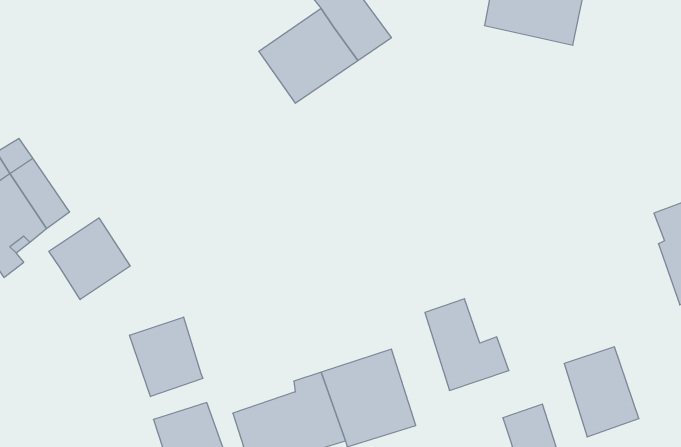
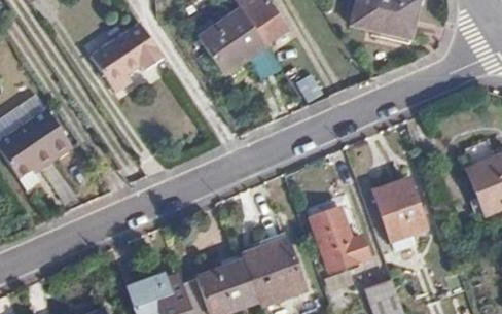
building: none -> [89,24,164,91]
building: [49,218,130,300] -> none
building: [130,317,203,397] -> none
building: [564,347,639,437] -> [374,181,425,242]

